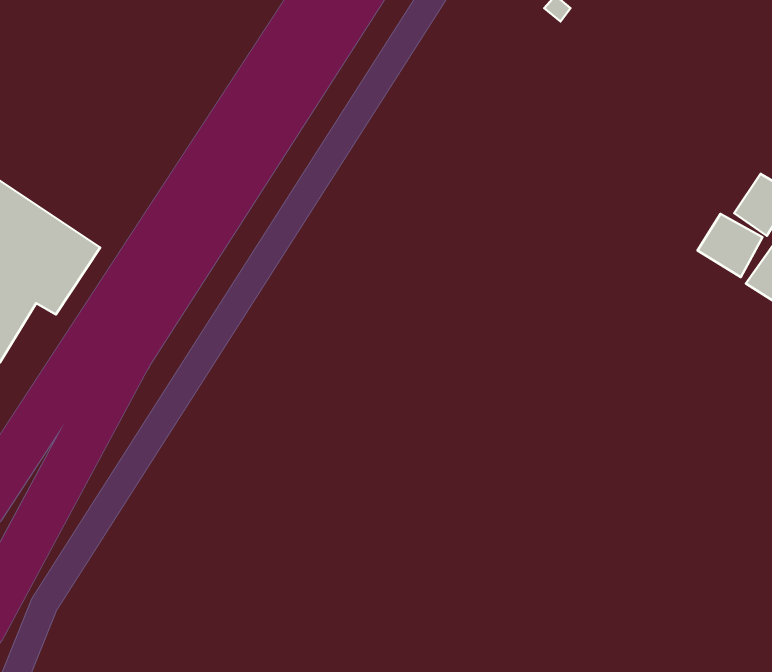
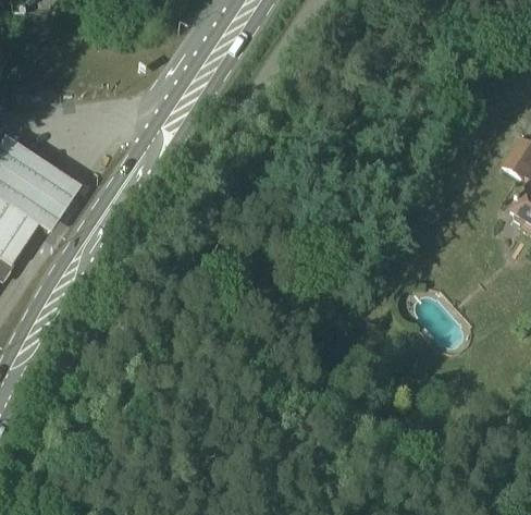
building: [697,214,762,277] -> none

